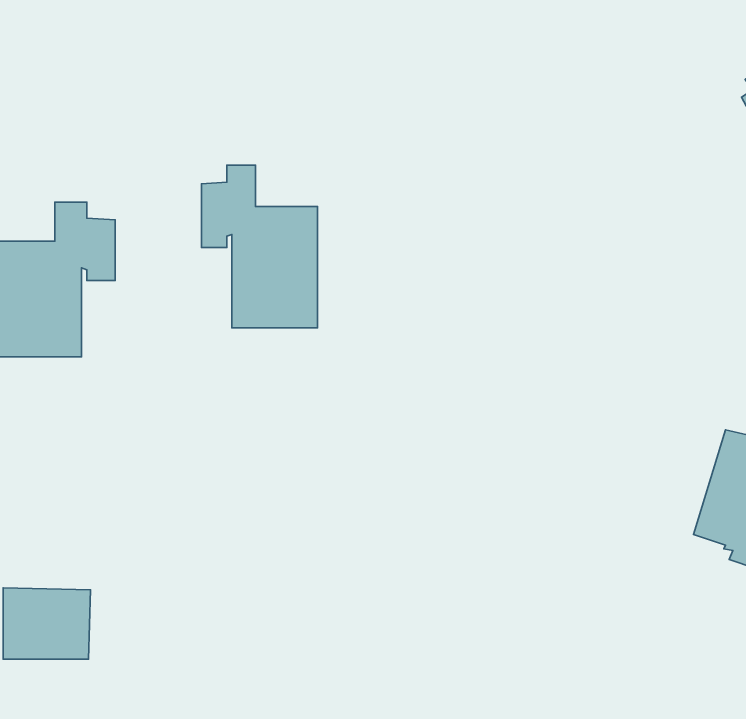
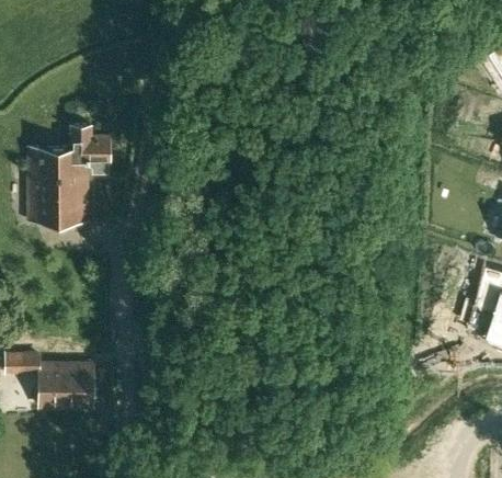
building: [201,165,318,328] -> none

